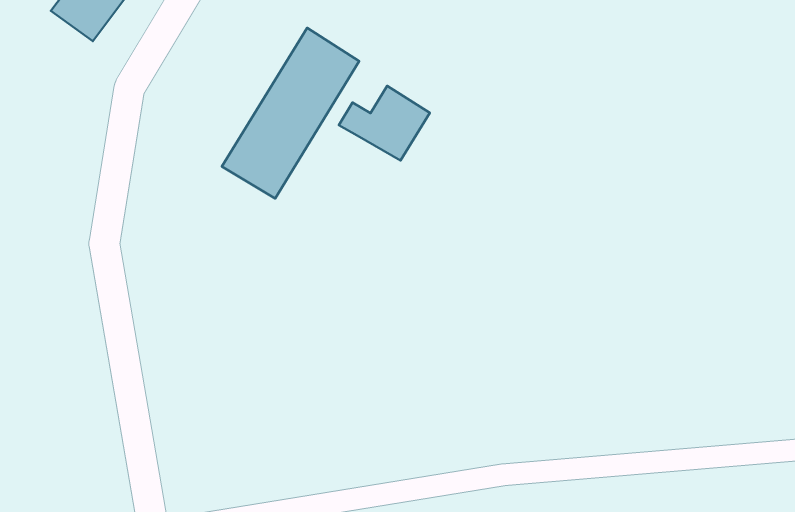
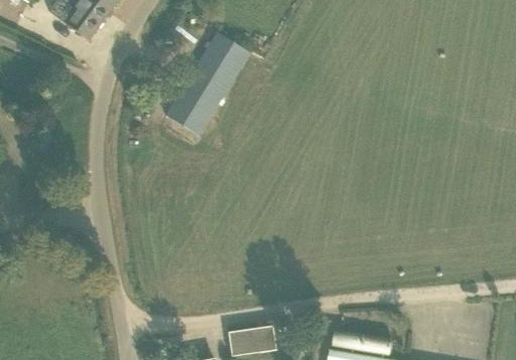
building: [339,86,430,161] -> none

